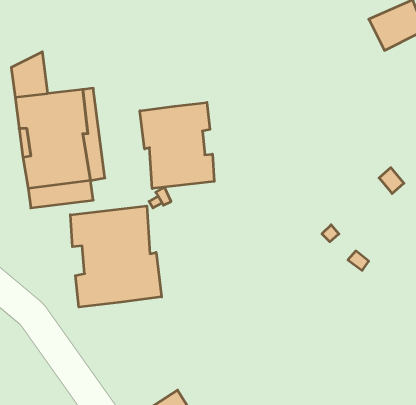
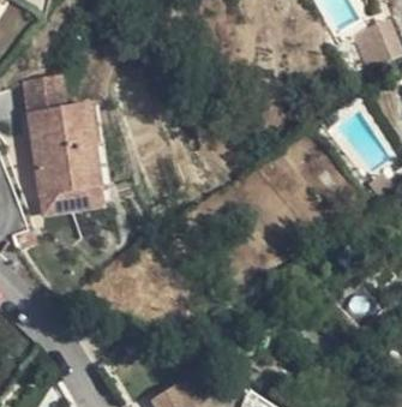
building: [140,102,214,189] -> none
building: [70,206,162,307] -> none

